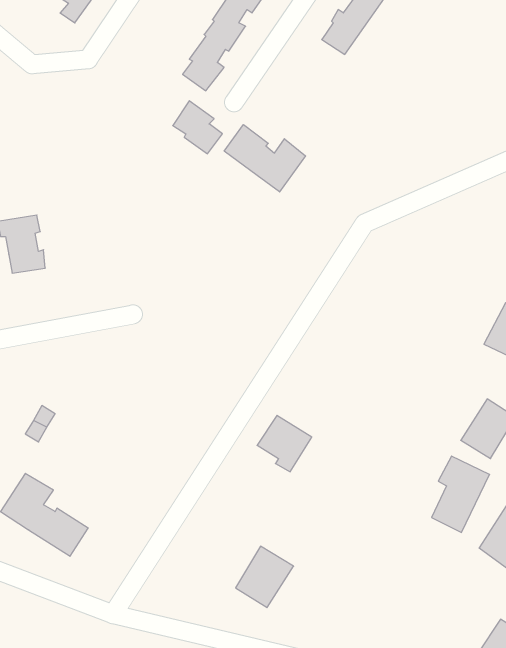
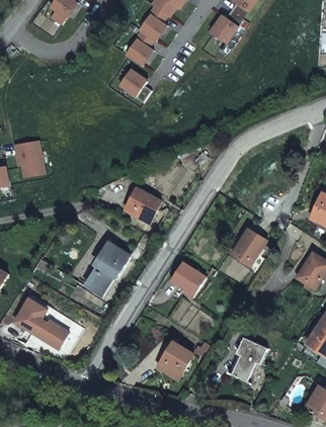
building: [224,125,306,192] -> none
building: none -> [126,186,159,220]
building: none -> [231,228,265,265]
building: none -> [85,242,128,293]
building: [432,456,490,532] -> [232,337,267,383]

